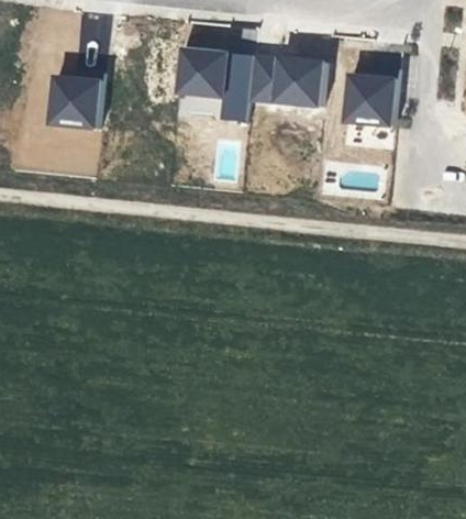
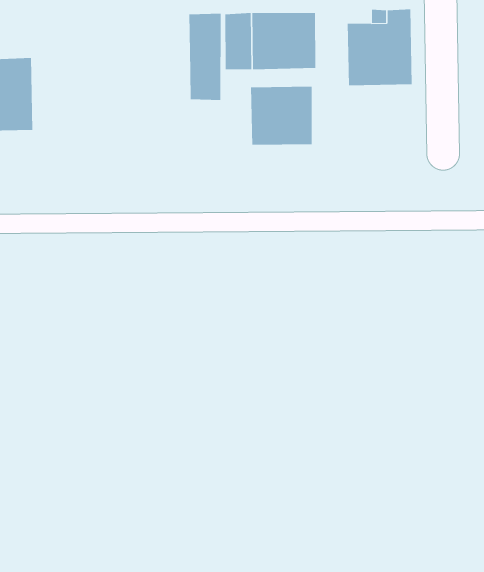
building: [177,48,229,98] -> none
building: none -> [250,86,312,146]

